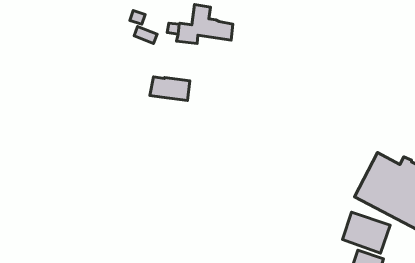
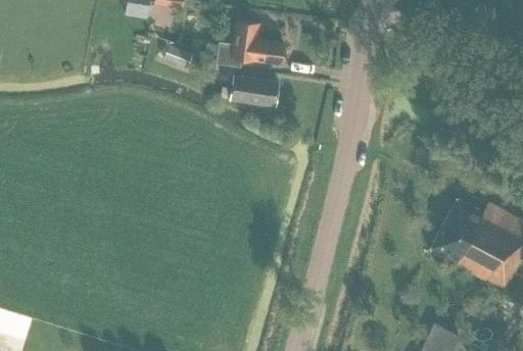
building: [150,77,190,101] -> [231,79,279,107]
building: [343,212,390,253] -> none

